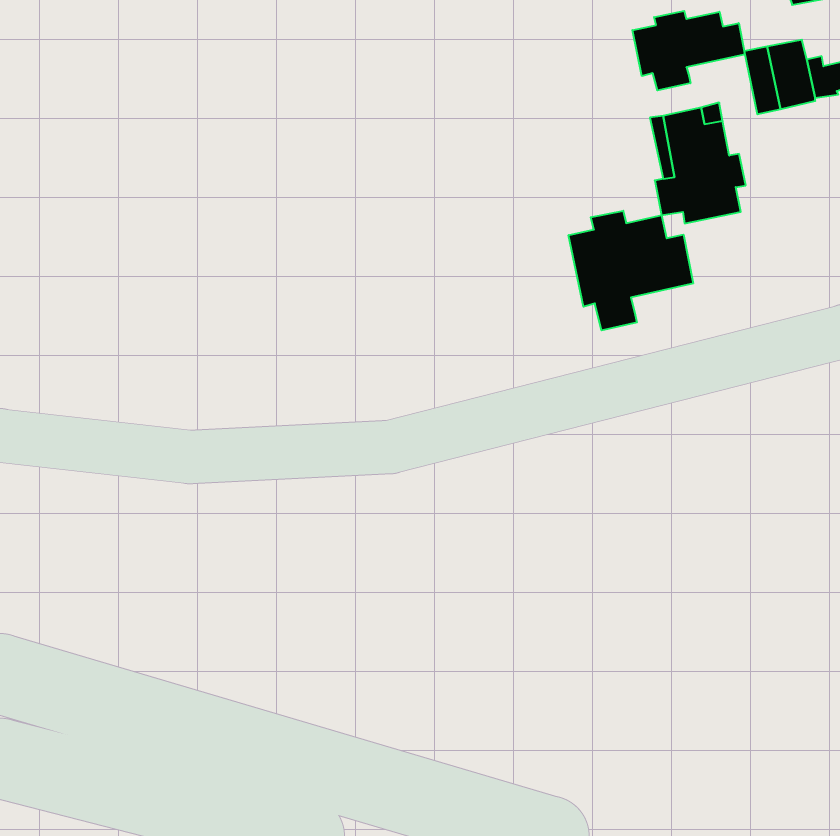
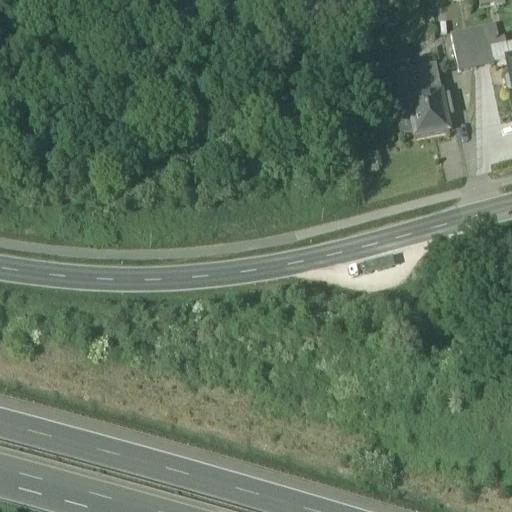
building: [632,11,745,90] -> none
building: [569,211,693,330] -> none

